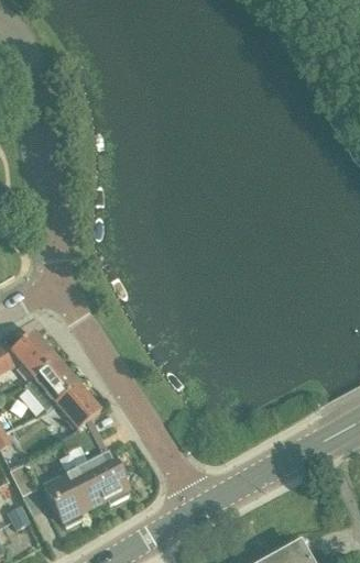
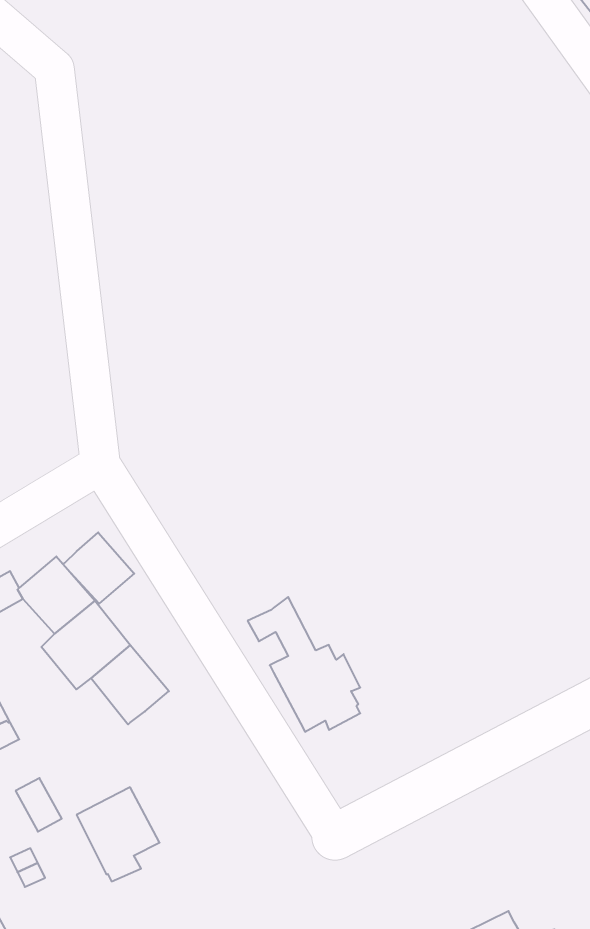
building: none -> [63,532,134,604]
building: [63,424,130,505] -> [248,597,360,732]

